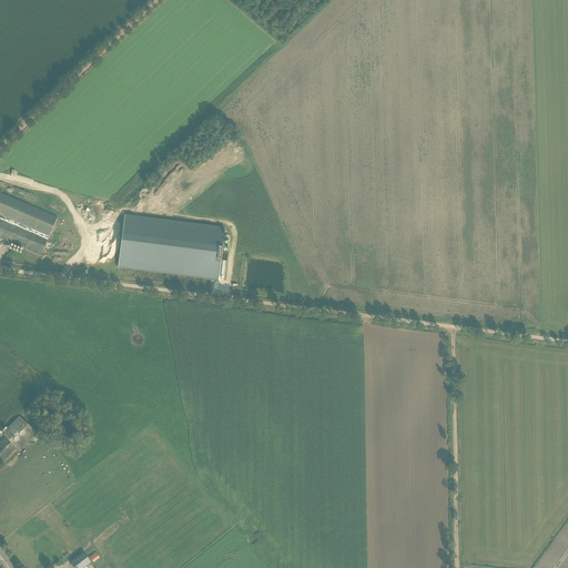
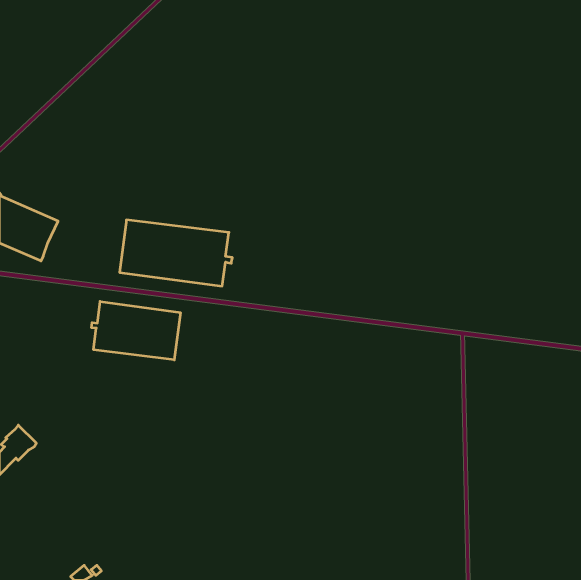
building: none -> [92,301,180,360]

